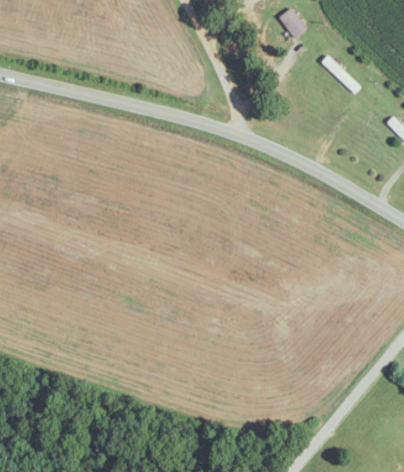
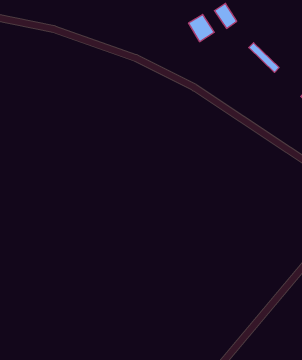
building: none -> [189,14,214,42]

